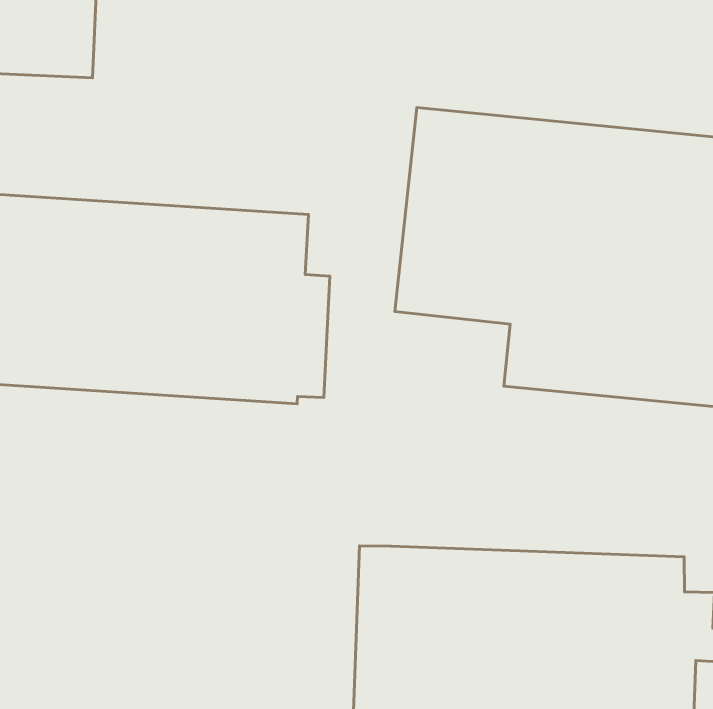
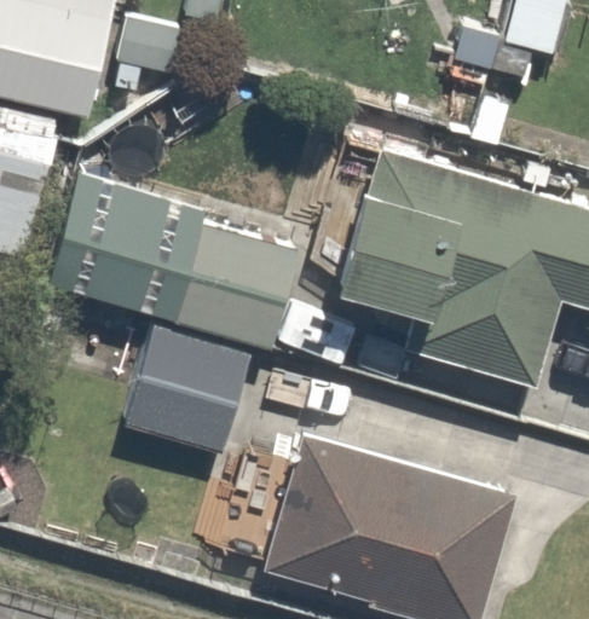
building: none -> [120,326,248,452]

